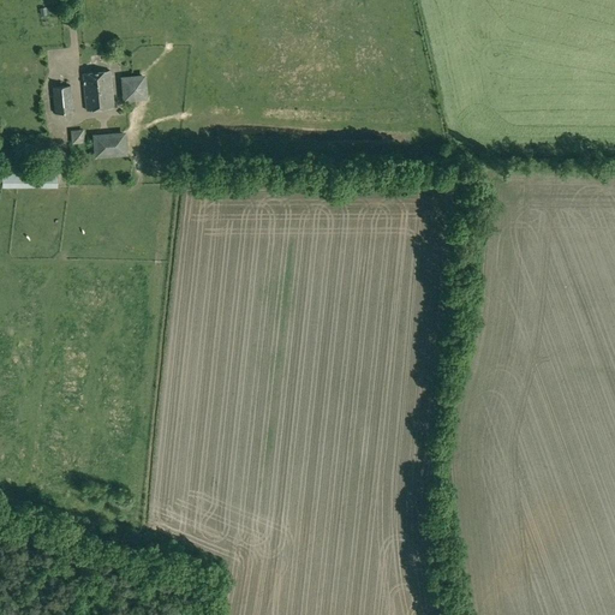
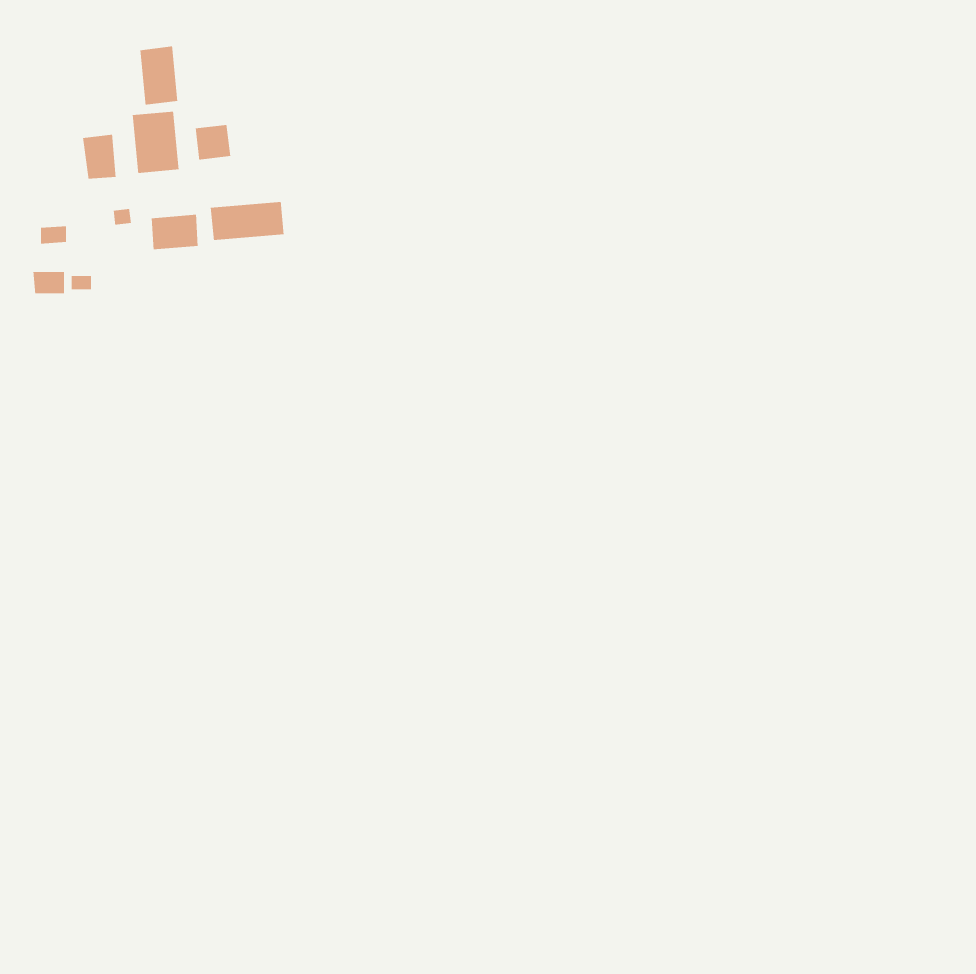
building: none -> [140,46,178,106]
building: none -> [210,201,285,241]

